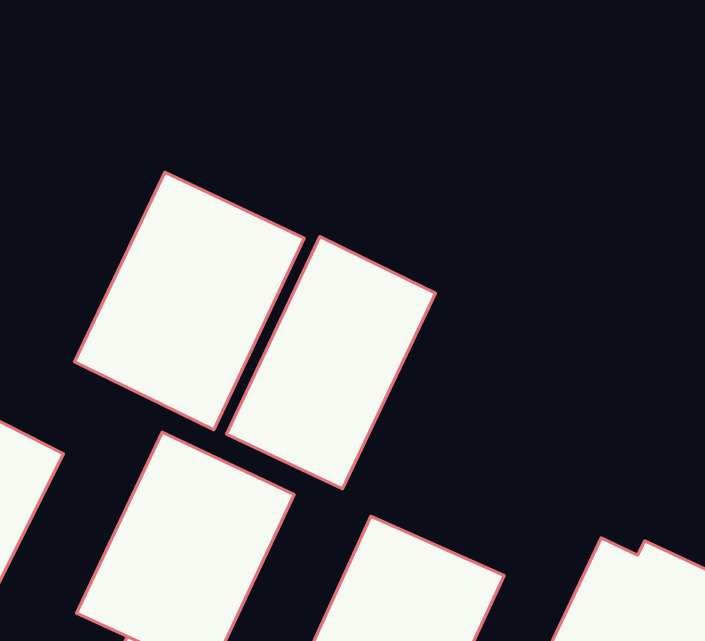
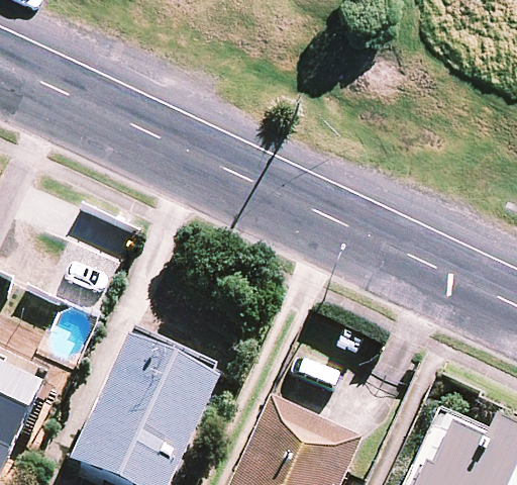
building: [75,172,304,430] -> none
building: [227,236,436,489] -> none

